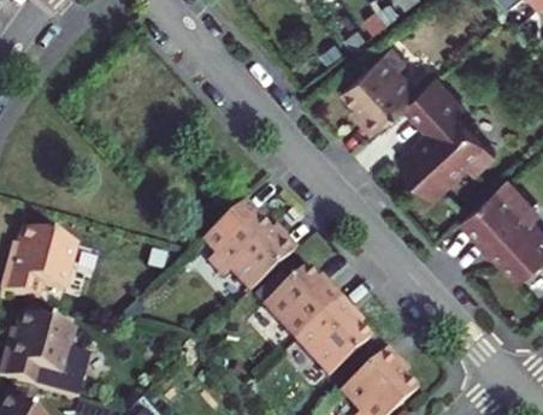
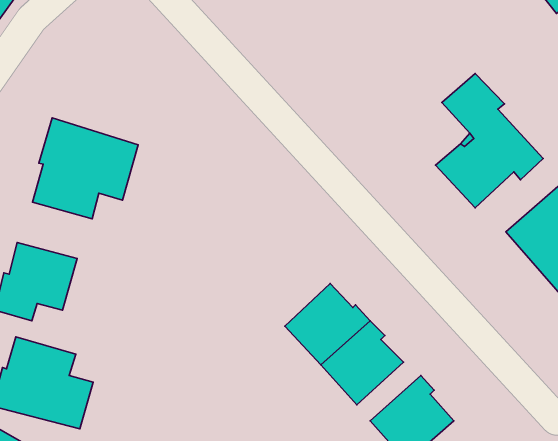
building: [342,41,418,126] -> none
building: none -> [32,118,138,219]
building: [206,211,293,286] -> none

